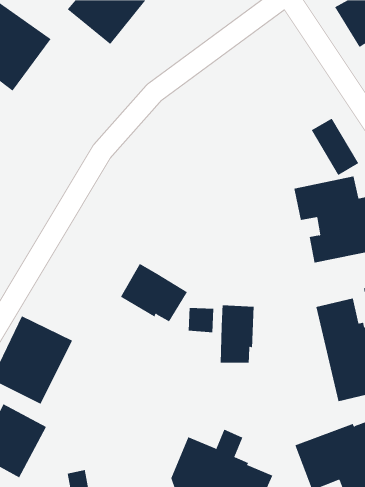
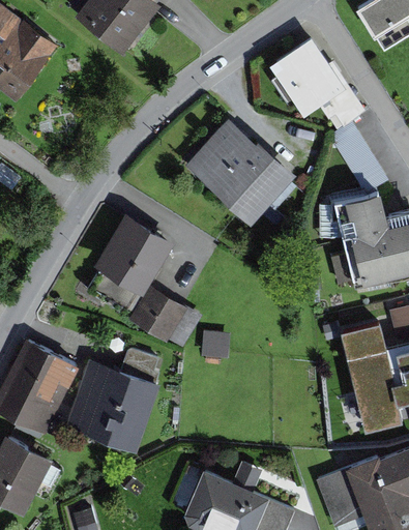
building: none -> [269,38,367,127]
building: none -> [185,120,294,225]
building: none -> [92,212,174,295]
building: [220,304,254,364] -> none
building: none -> [66,350,159,453]

